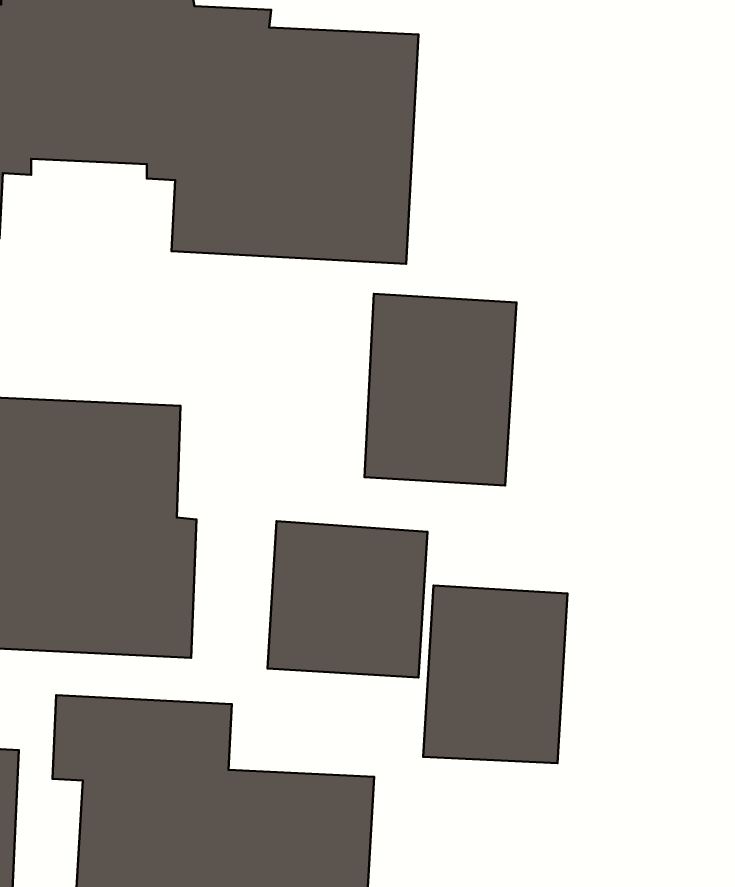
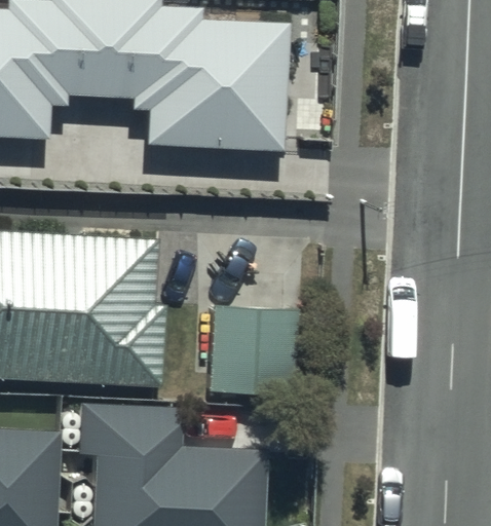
building: [364,294,516,485] -> none
building: [423,585,567,763] -> none

